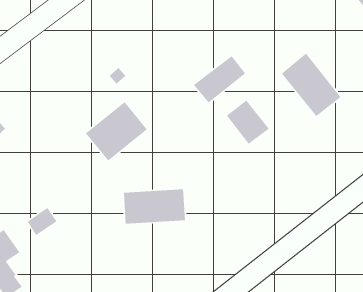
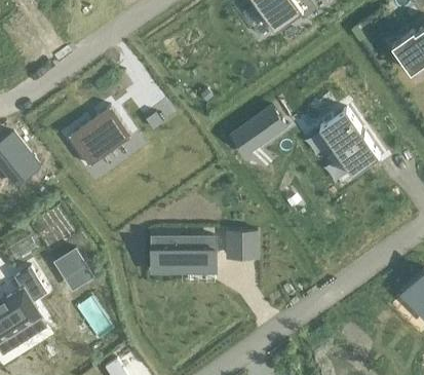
building: [226,99,270,145] -> none
building: [85,101,148,161] -> [67,108,130,167]
building: none -> [227,235,252,260]

